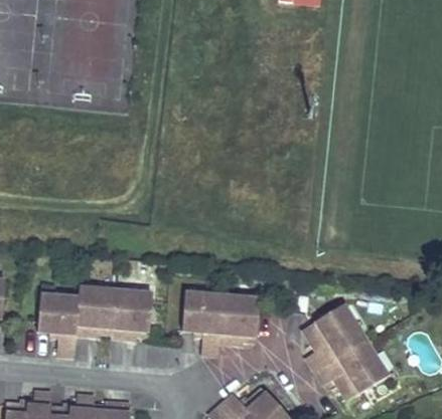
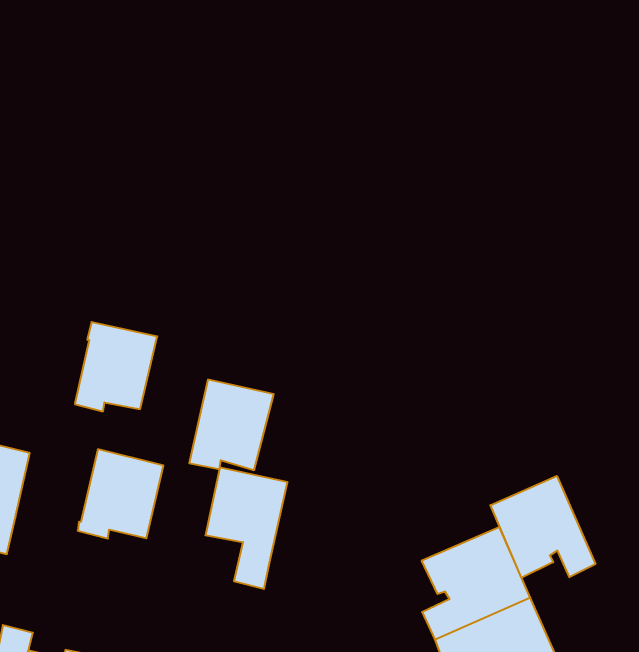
building: none -> [490,476,595,578]
building: [77,287,117,336] -> [75,322,157,411]
building: [219,294,261,343] -> [189,380,274,470]

